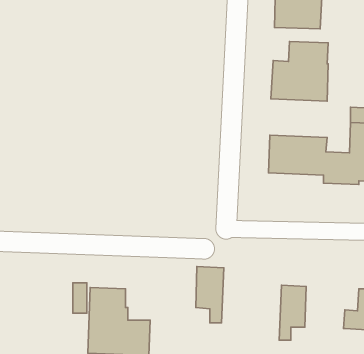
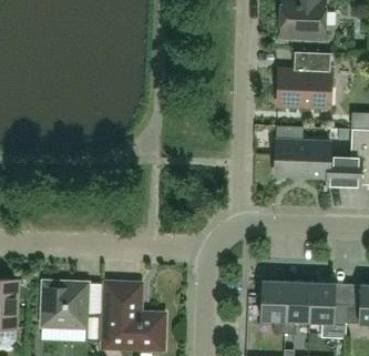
building: [196,267,224,323] -> [260,281,287,334]
building: none -> [42,282,101,342]
building: none -> [309,283,347,337]

